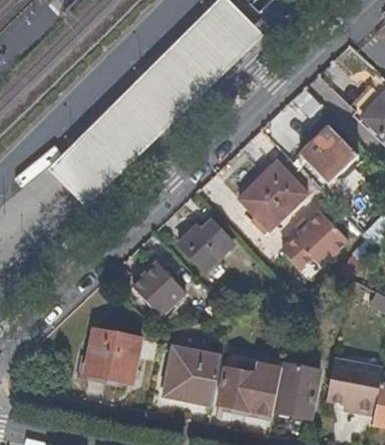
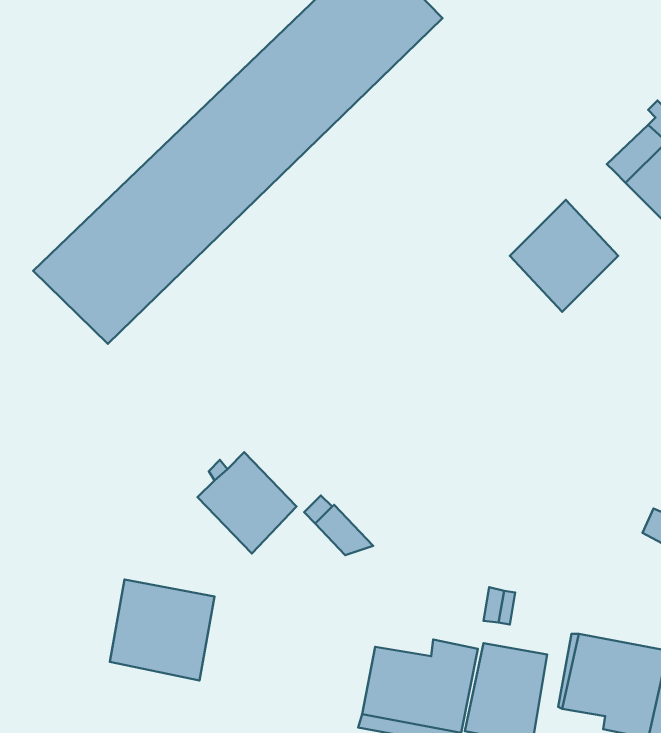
building: [241,163,308,232] -> none
building: [283,213,349,271] -> none
building: [177,221,233,272] -> none
building: [167,350,223,403] -> none

